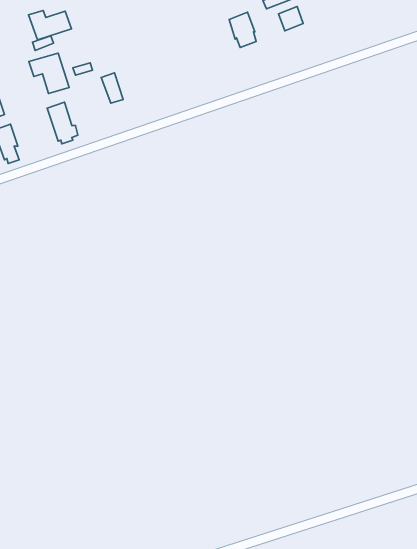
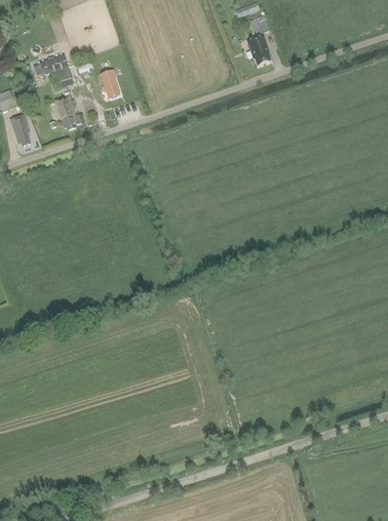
building: [29,10,71,40] -> none
building: [229,12,256,48] -> [248,36,271,66]

